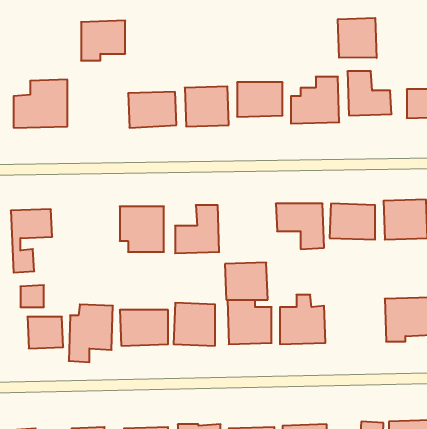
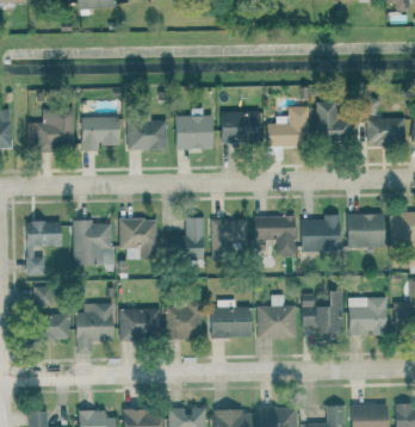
building: [338,18,377,58] -> none
building: [81,21,125,61] -> [81,116,119,150]
building: none -> [73,219,112,265]
building: [225,263,268,300] -> [211,218,248,250]
building: none -> [302,293,345,333]

